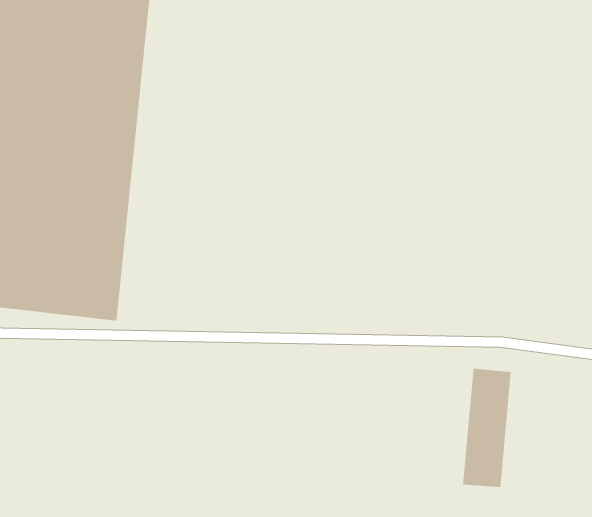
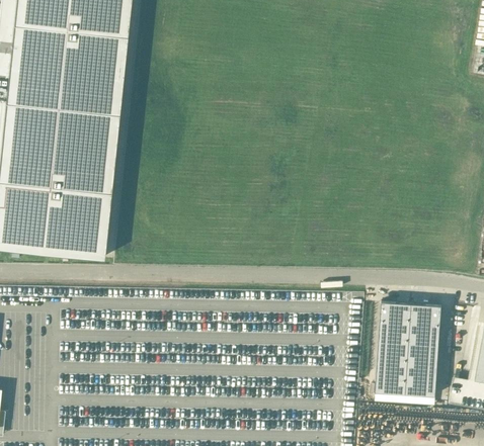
building: none -> [404,304,442,397]

